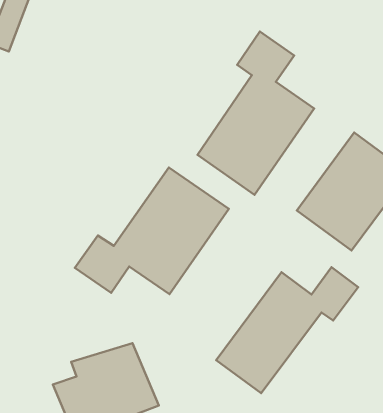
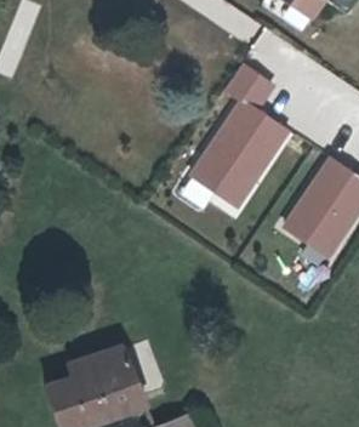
building: [75,168,229,294] -> none
building: [216,267,358,393] -> none

